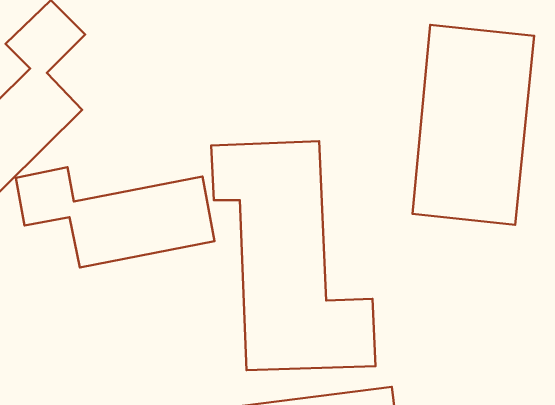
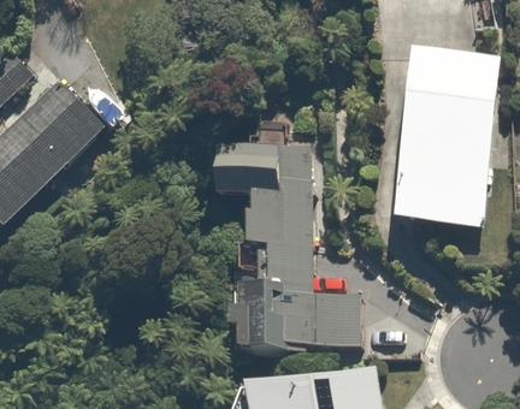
building: [16,167,215,267] -> none

